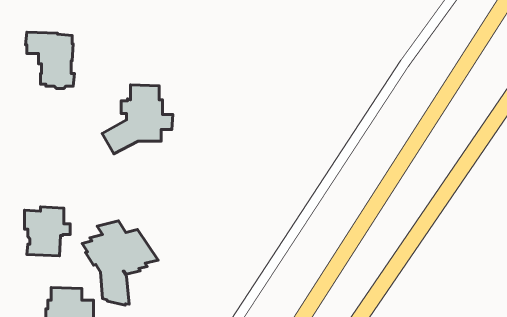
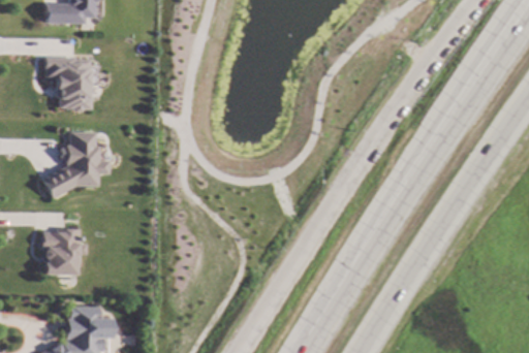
building: [102,85,173,154] -> [39,131,108,198]
building: [82,221,158,305] -> none

